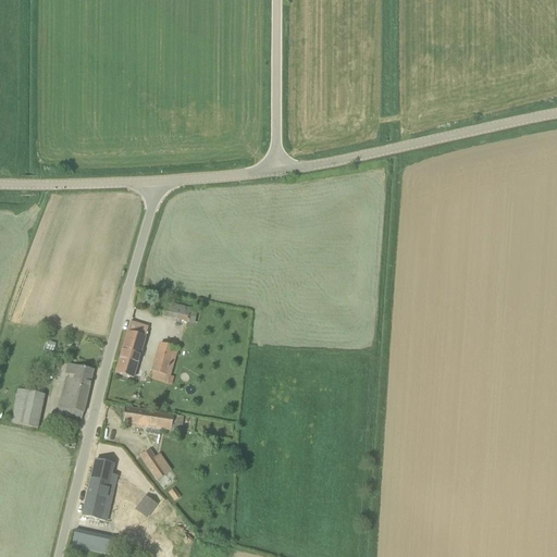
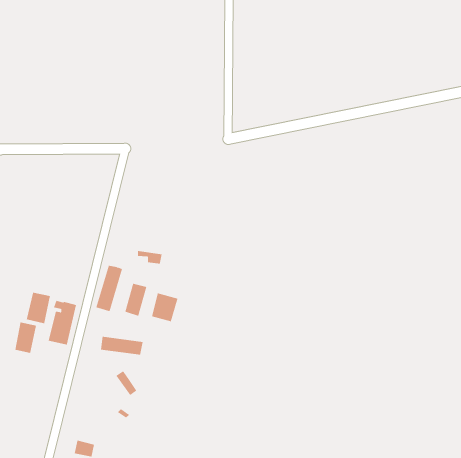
building: none -> [26,292,50,324]
building: none -> [151,293,178,322]
building: [83,459,120,520] -> none

